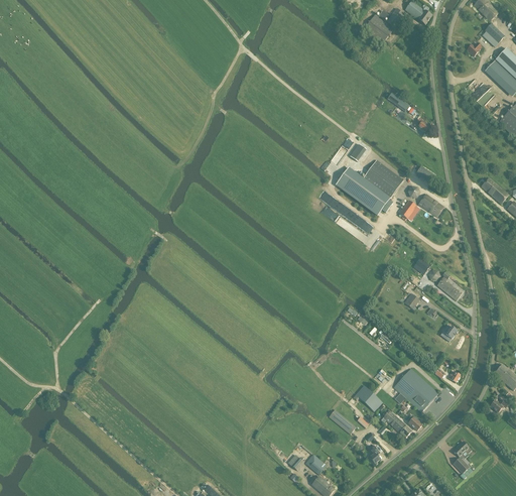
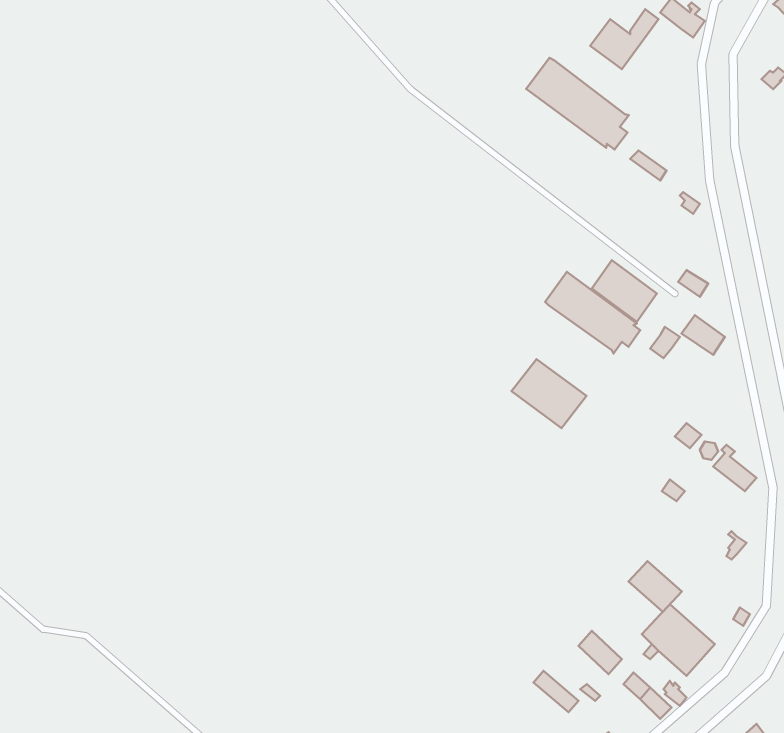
building: none -> [526,58,629,149]
building: none -> [512,359,587,428]
building: none -> [629,561,682,612]

